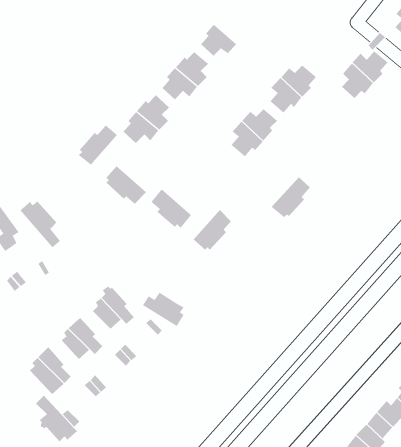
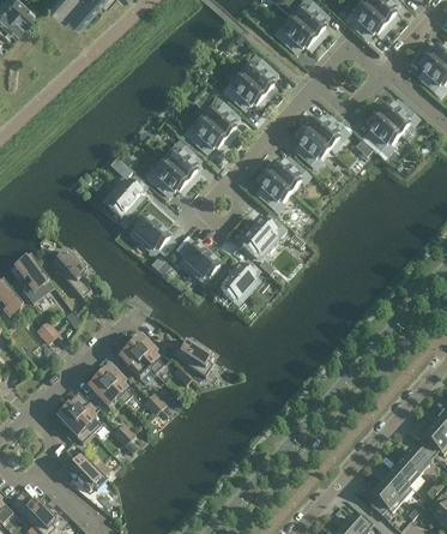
building: none -> [240,60,273,96]
building: [271,176,311,218] -> [240,214,279,254]

